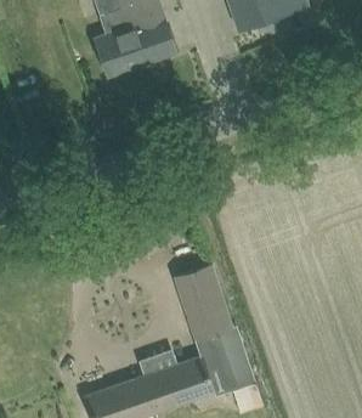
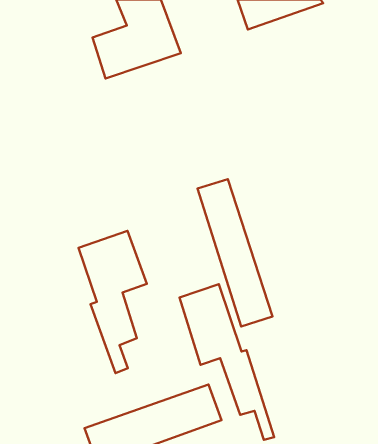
building: none -> [197,179,272,326]
building: none -> [79,231,147,373]

